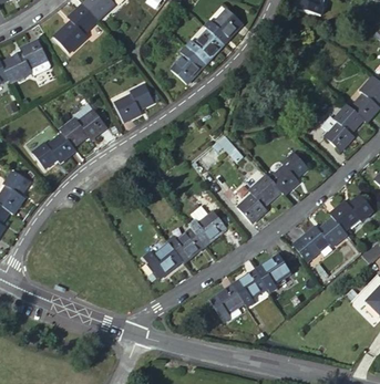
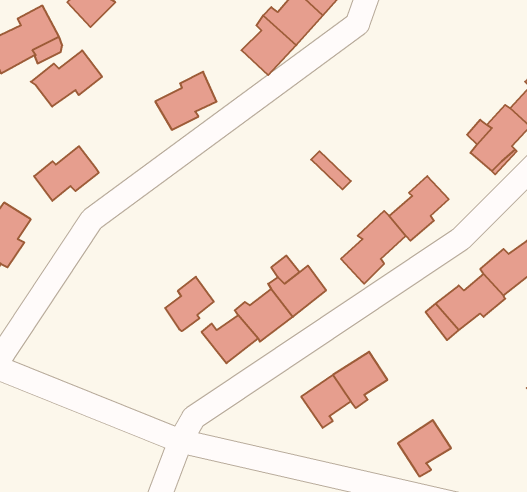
building: [58,108,105,146] -> [31,50,102,107]
building: none -> [165,277,214,331]
building: [255,253,290,291] -> [398,420,451,476]

